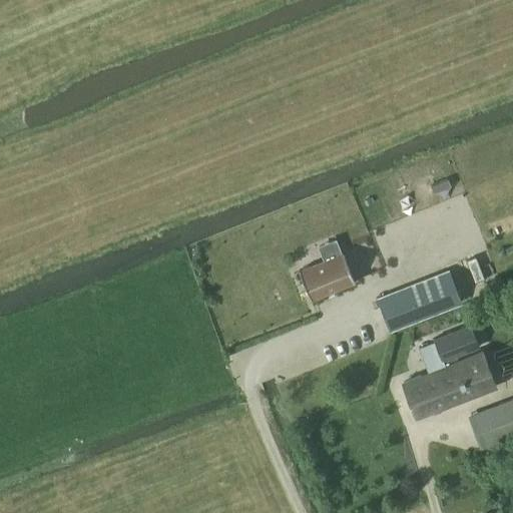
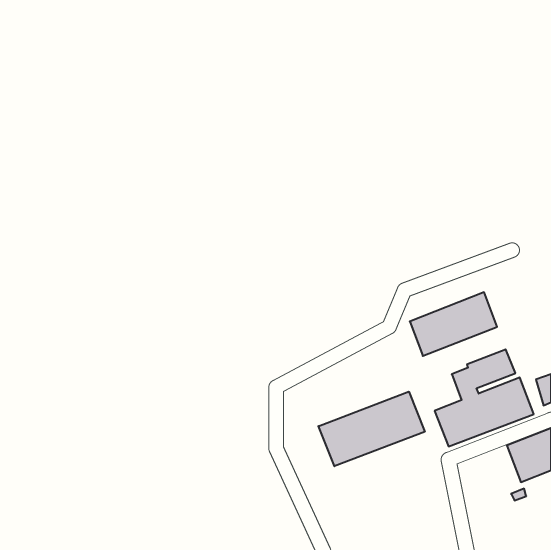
building: [299,253,355,300] -> none
building: none -> [318,392,425,466]

